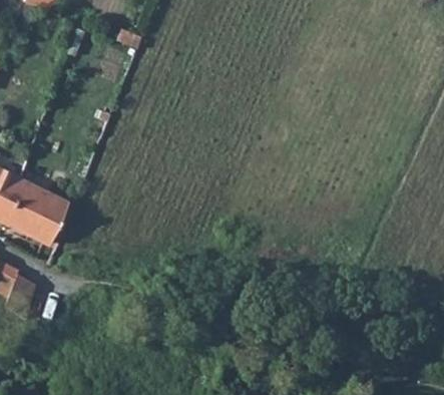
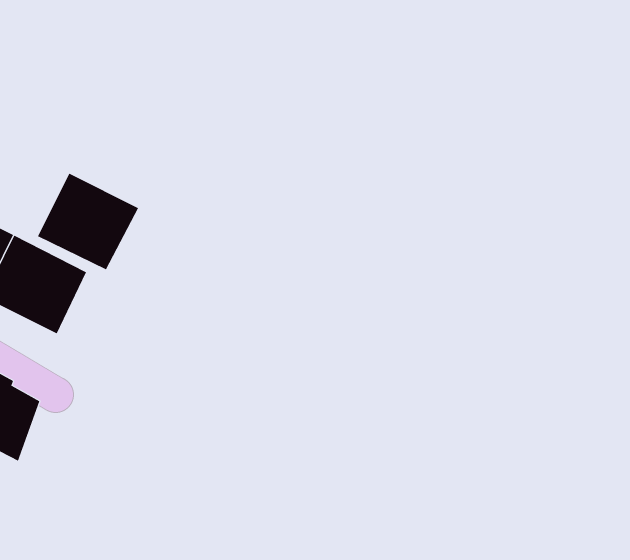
building: none -> [37,173,139,270]

